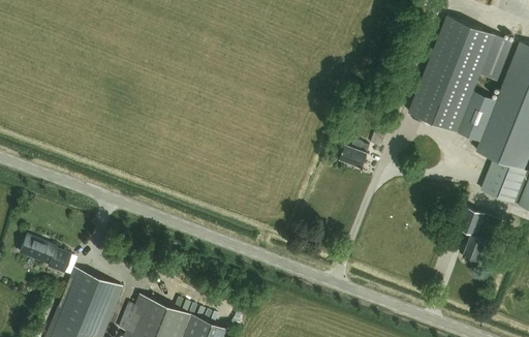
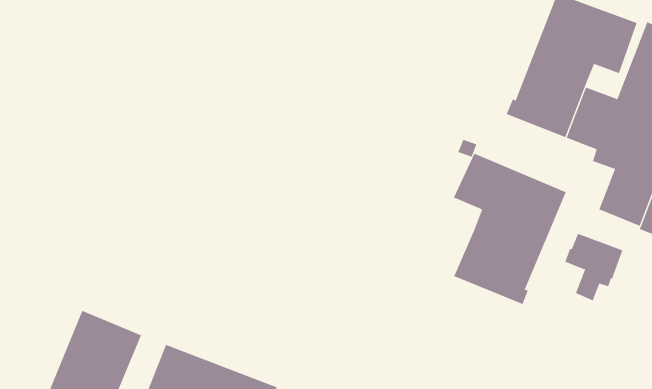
building: [340,143,369,167] -> none
building: none -> [453,153,566,305]
building: [18,234,71,274] -> none

